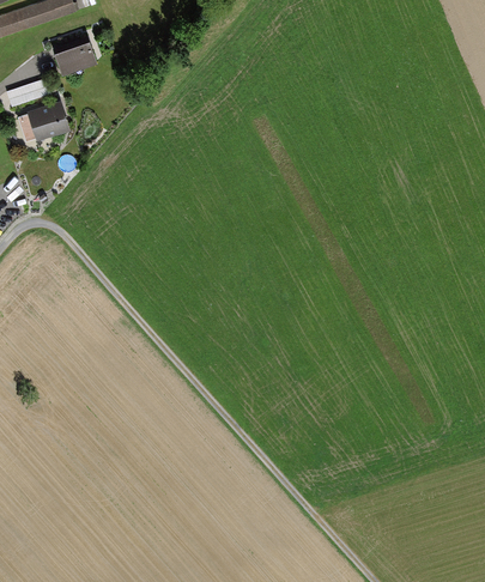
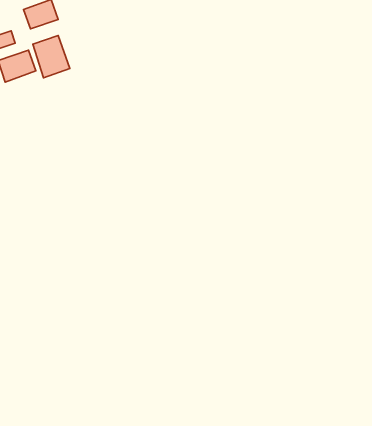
building: none -> [33,36,70,78]

